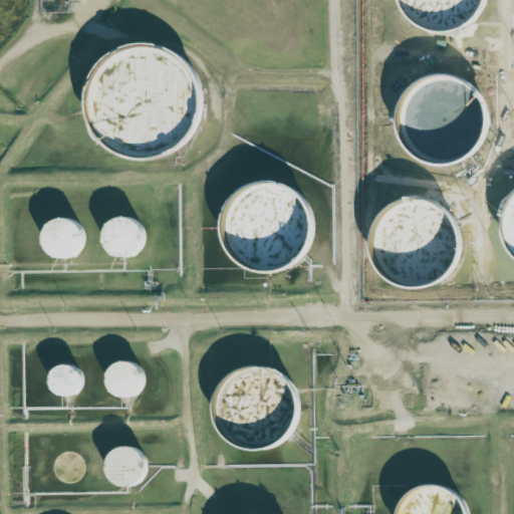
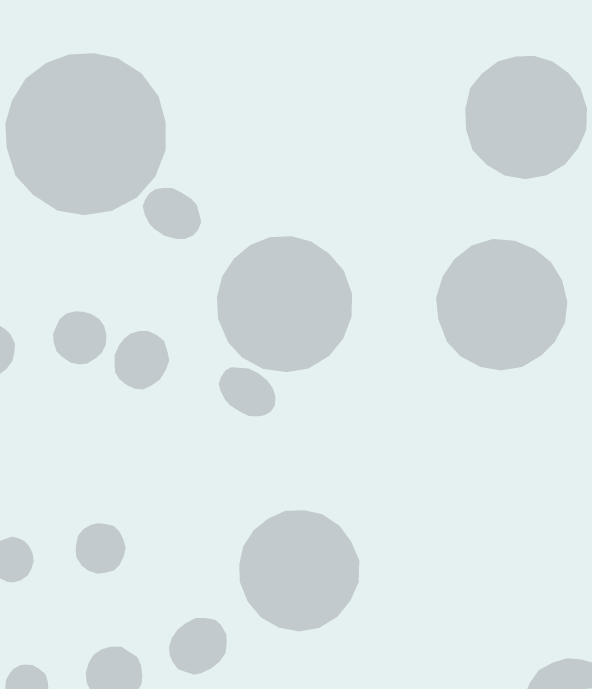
building: none -> [142,187,202,240]
building: none -> [114,330,170,390]
building: none -> [218,366,276,417]
building: none -> [168,617,228,676]

